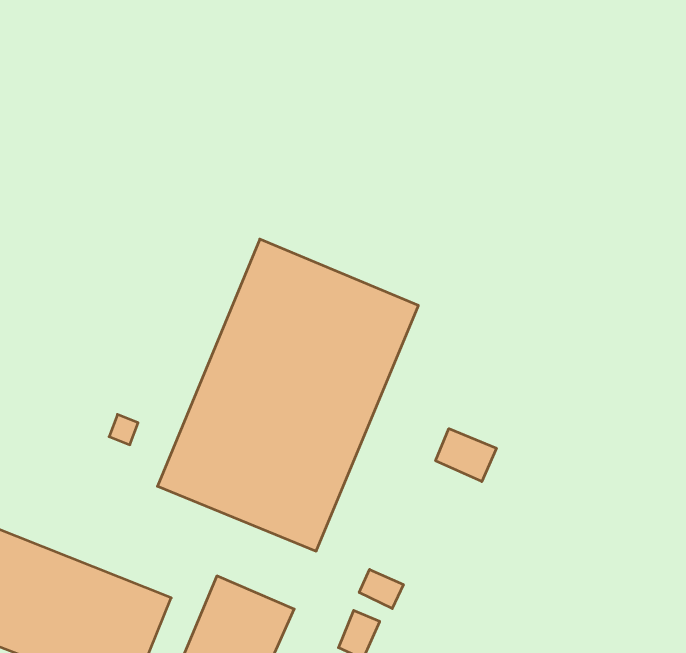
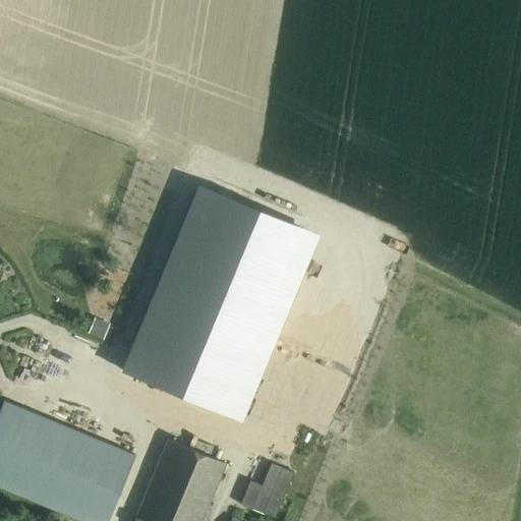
building: [436,429,496,482] -> none
building: [359,569,403,609] -> none

